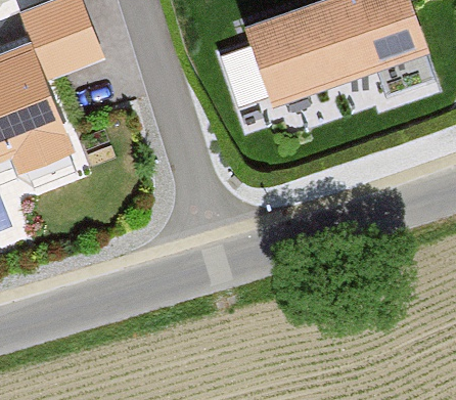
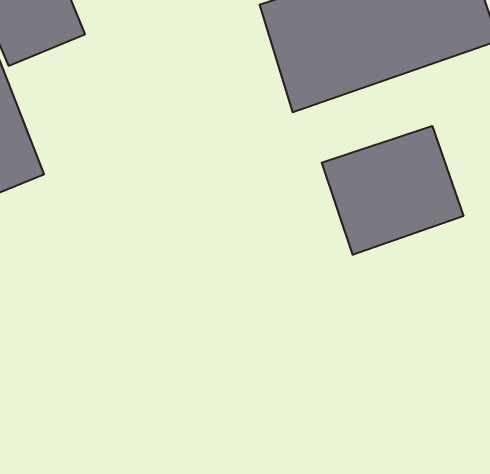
building: none -> [322,126,463,255]

